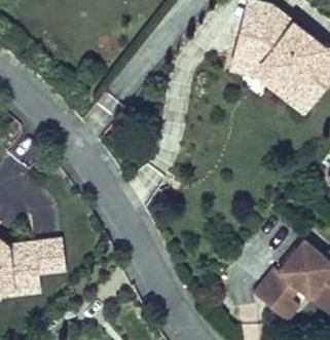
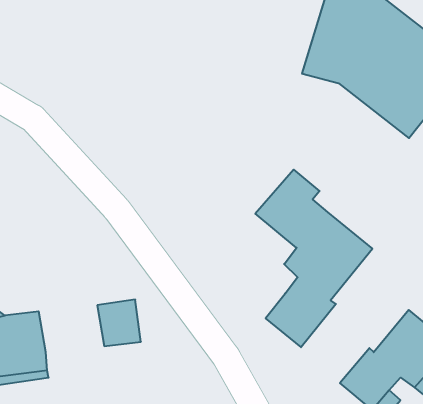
building: none -> [255,170,372,347]
building: [34,238,66,272] -> [97,300,141,346]

